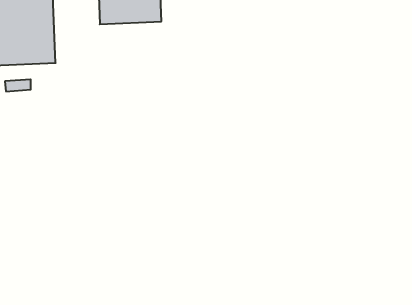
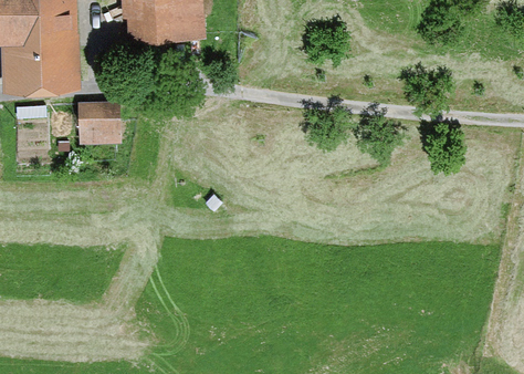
building: none -> [80,101,120,137]

